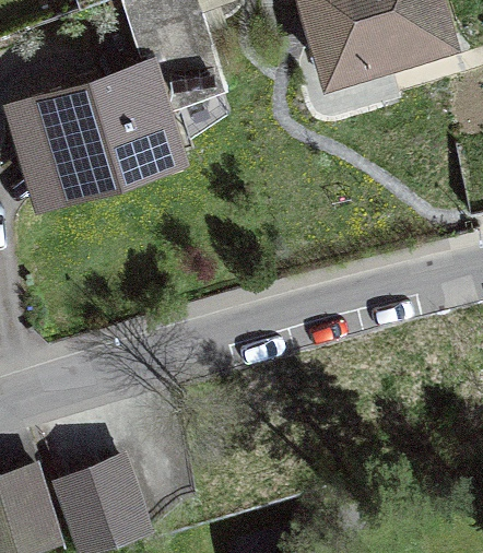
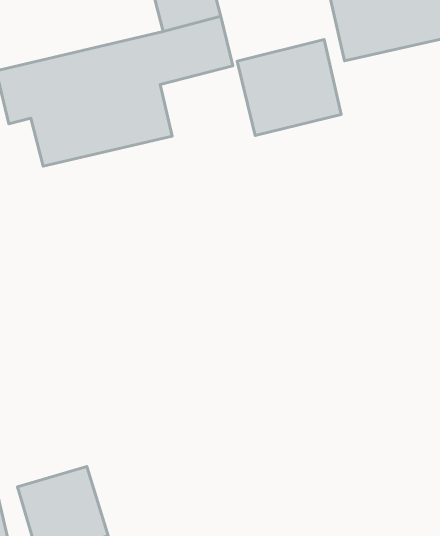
building: none -> [237,40,341,135]

